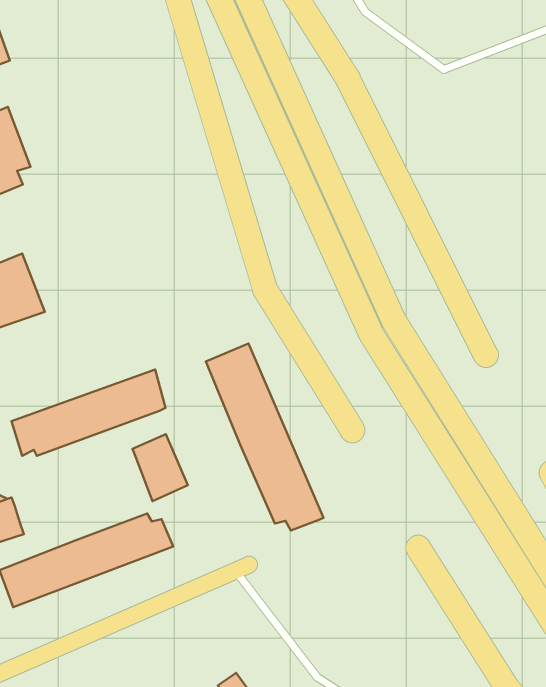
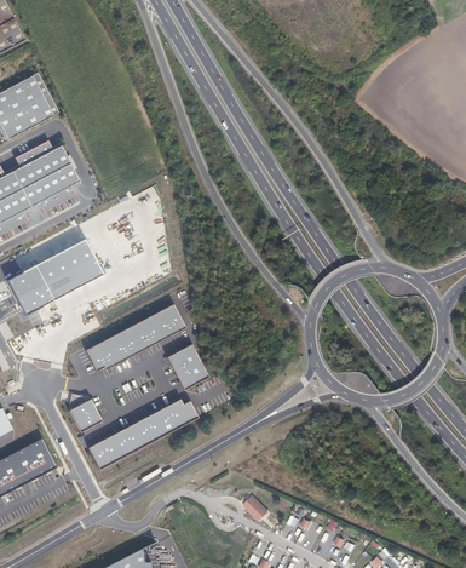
building: [206,343,323,531] -> none

